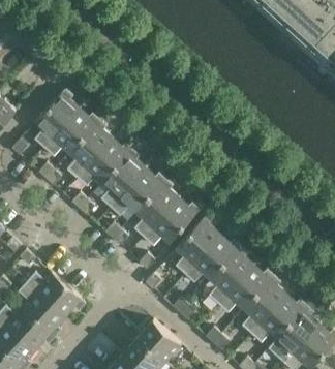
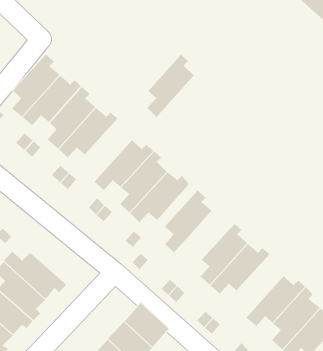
building: [101,149,146,208] -> [146,54,194,118]
building: [185,235,241,282] -> none
building: [242,275,286,334] -> none

